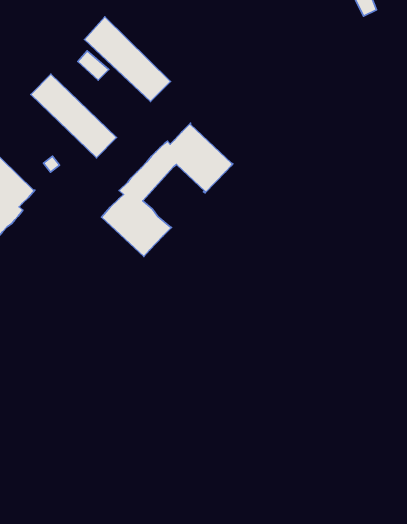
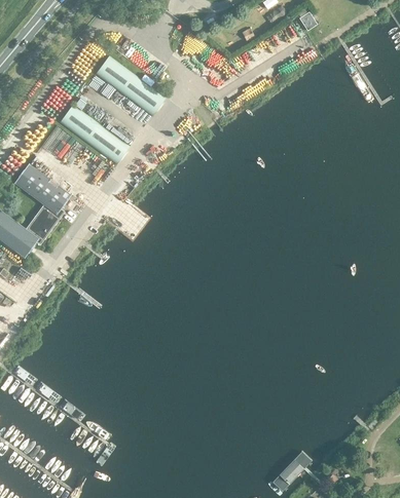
building: [101,123,233,256] -> none

